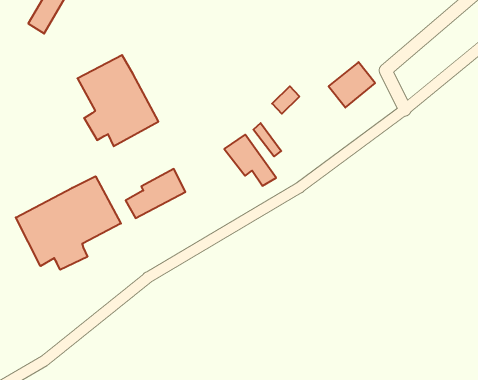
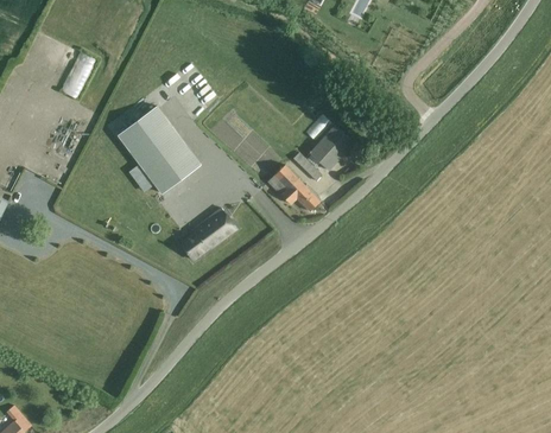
building: [329,62,375,108] -> [310,125,354,170]
building: [16,176,121,270] -> none

